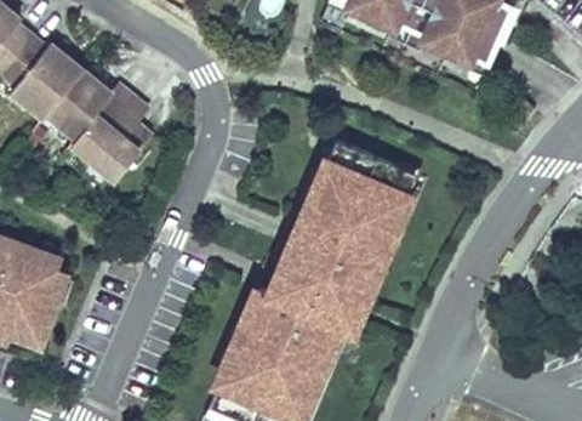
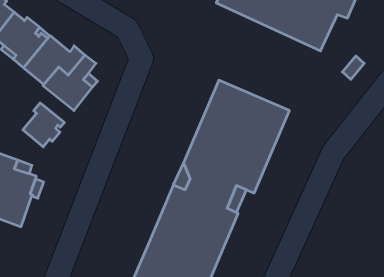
building: none -> [23,103,64,147]

